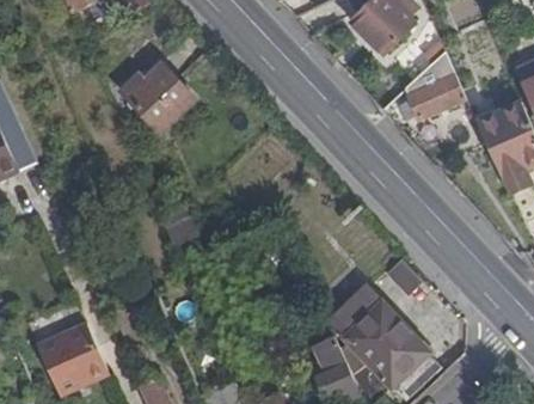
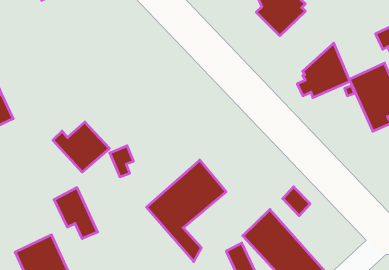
building: [122,66,196,131] -> [53,122,109,172]
building: none -> [147,160,226,262]
building: none -> [54,188,98,239]

